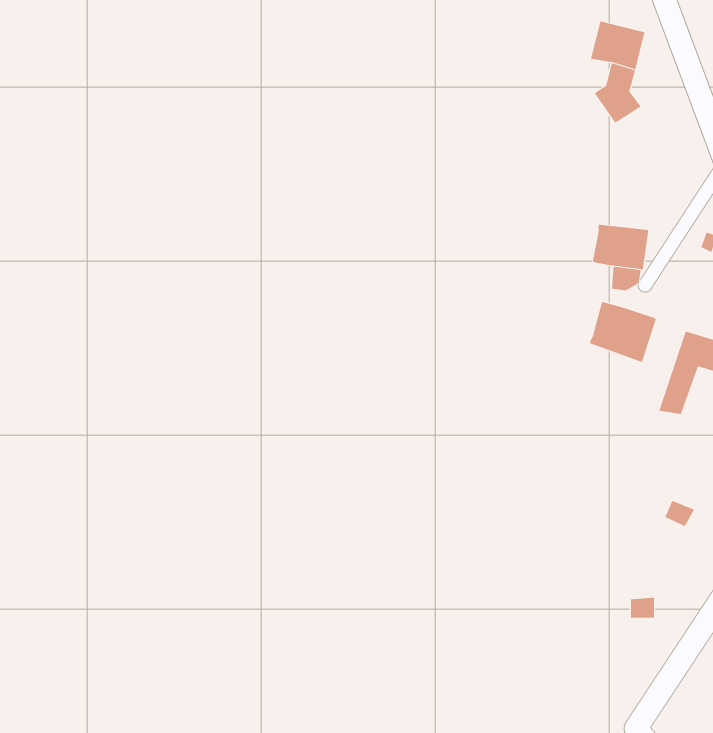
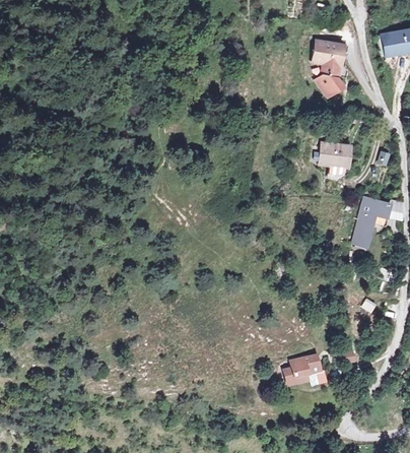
building: [589,301,657,363] -> none
building: none -> [285,353,327,384]

